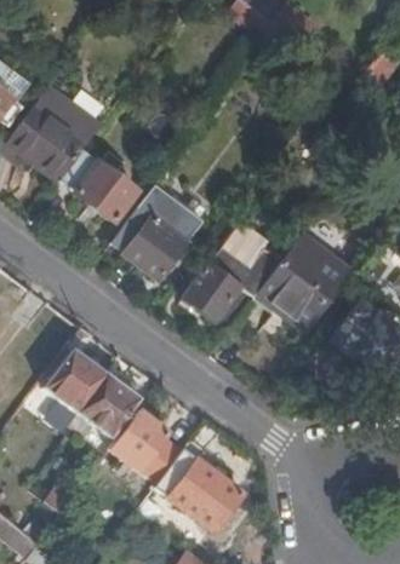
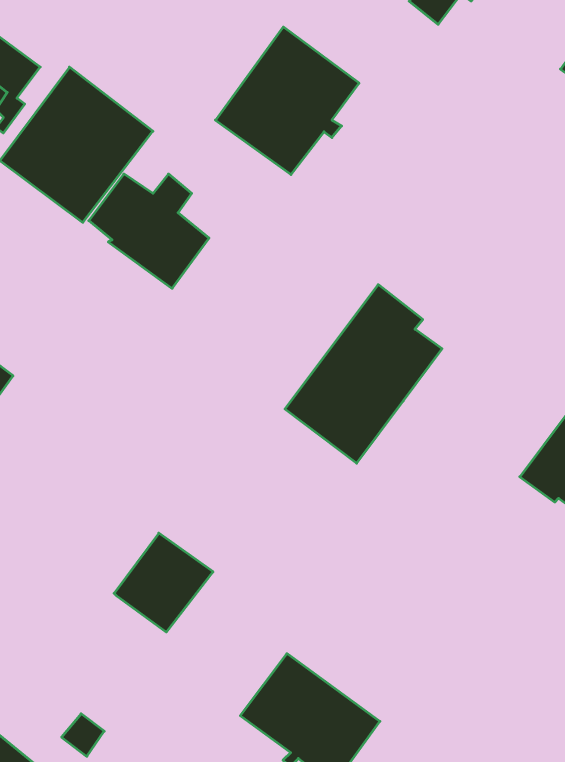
building: [112,186,201,278] -> [215,27,359,175]
building: [257,236,345,327] -> none
building: [44,327,104,413] -> none
building: [108,412,167,472] -> none

